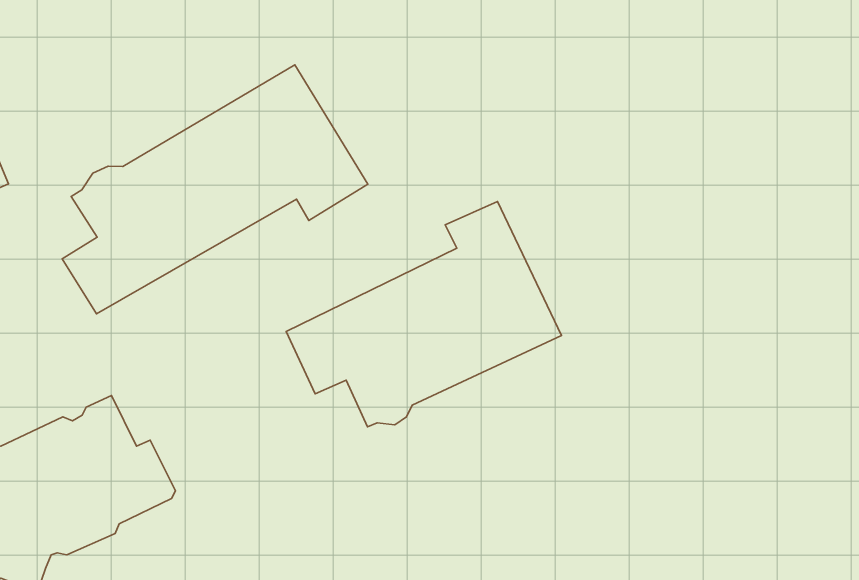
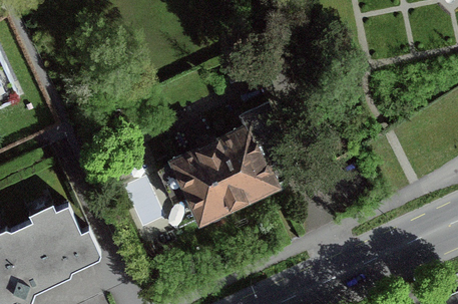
building: [62,65,368,314] -> none

